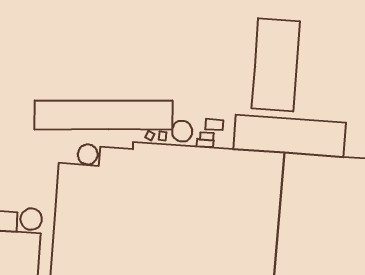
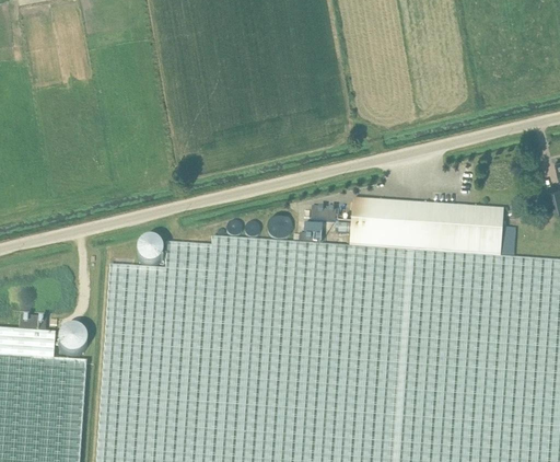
building: [252,18,300,112] -> none
building: [35,100,172,130] -> none

